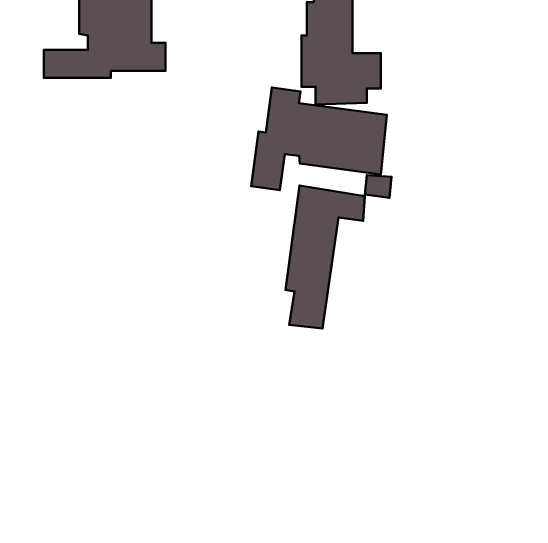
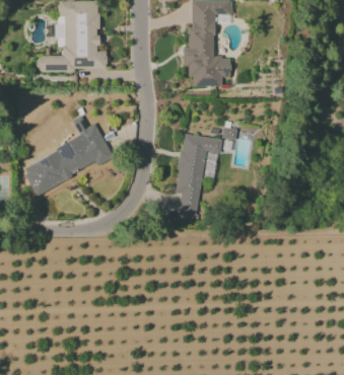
building: [251,88,387,190] -> none
building: none -> [22,117,113,196]

